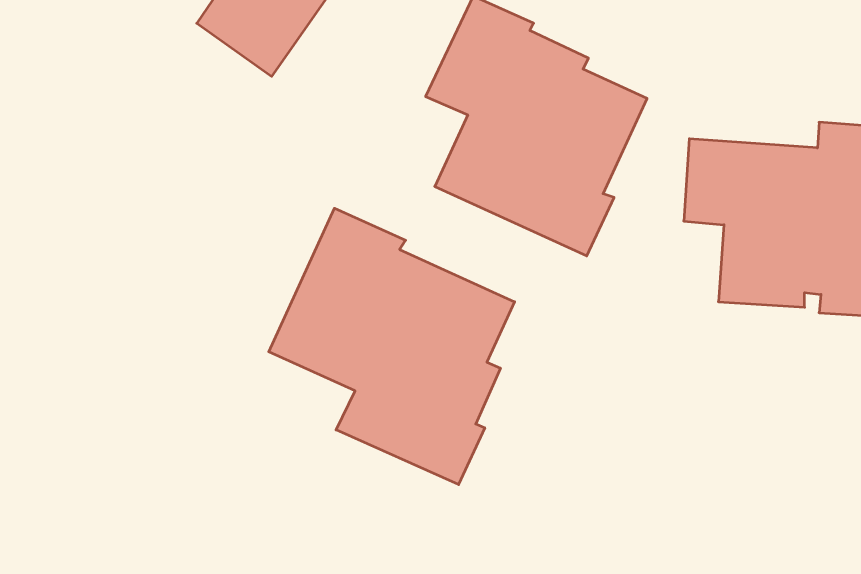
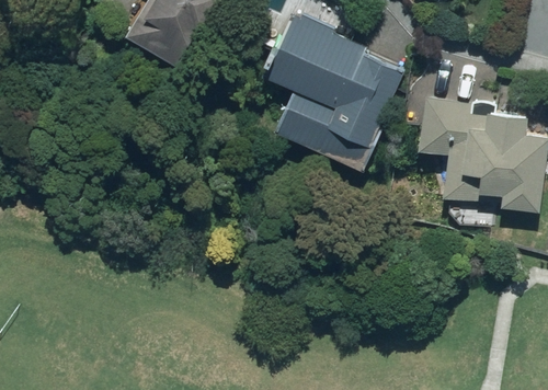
building: [269,208,515,485] -> none

